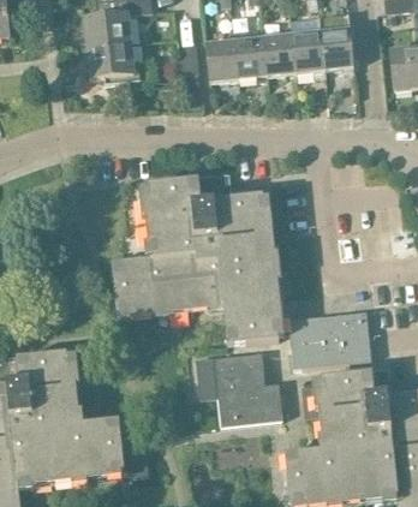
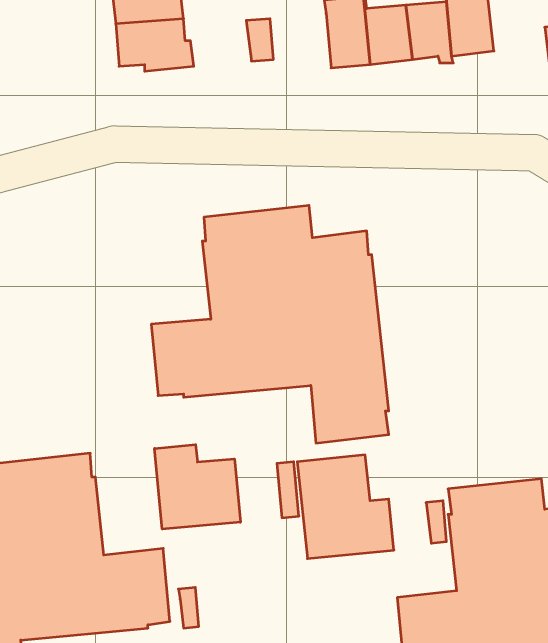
building: [204,41,238,82] -> none
building: [288,312,370,368] -> none
building: none -> [155,445,240,529]

